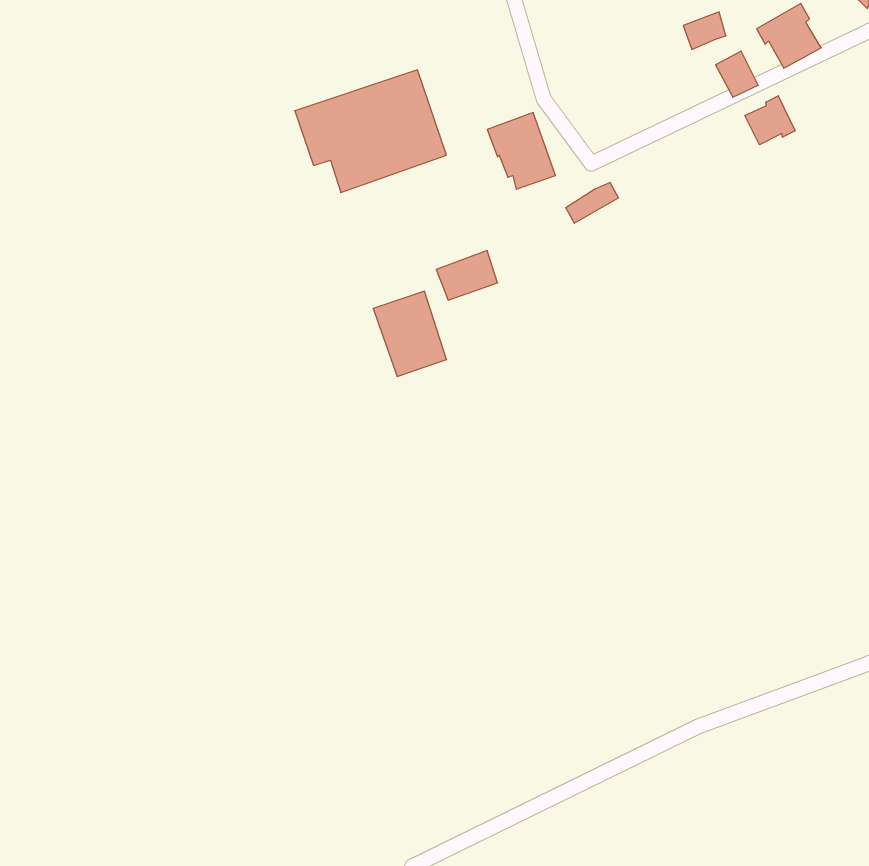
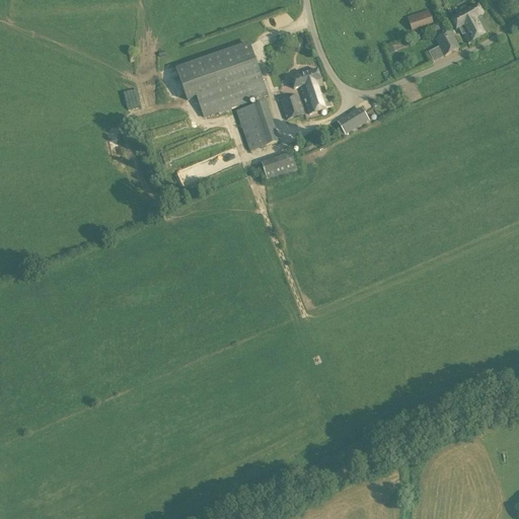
building: [745,96,795,145] -> none
building: none -> [280,92,304,118]
building: [373,291,447,377] -> [235,98,279,149]

